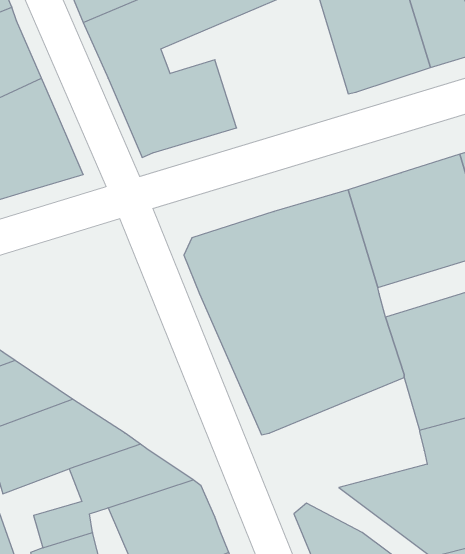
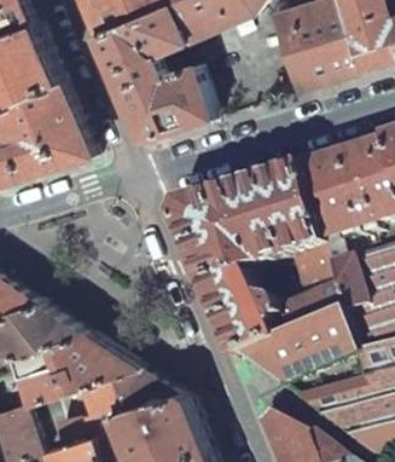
building: none -> [238,311,355,385]

